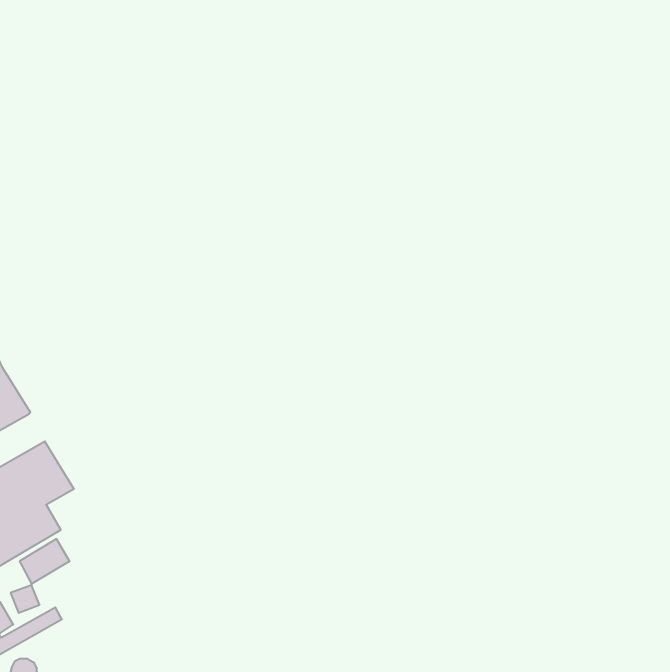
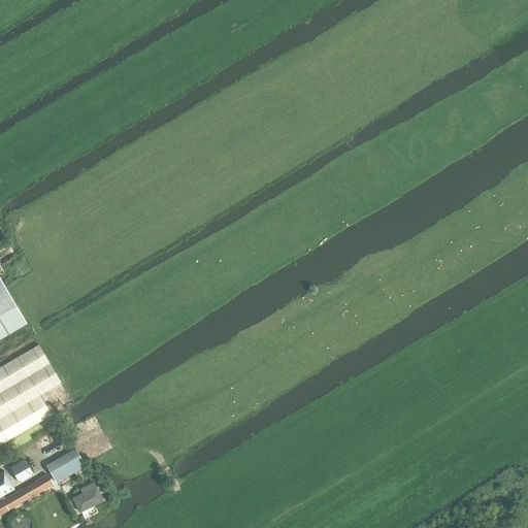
building: [20,539,70,584] -> [42,450,81,485]
building: none -> [68,483,100,514]

